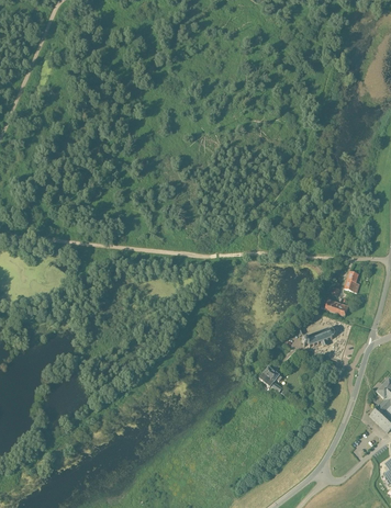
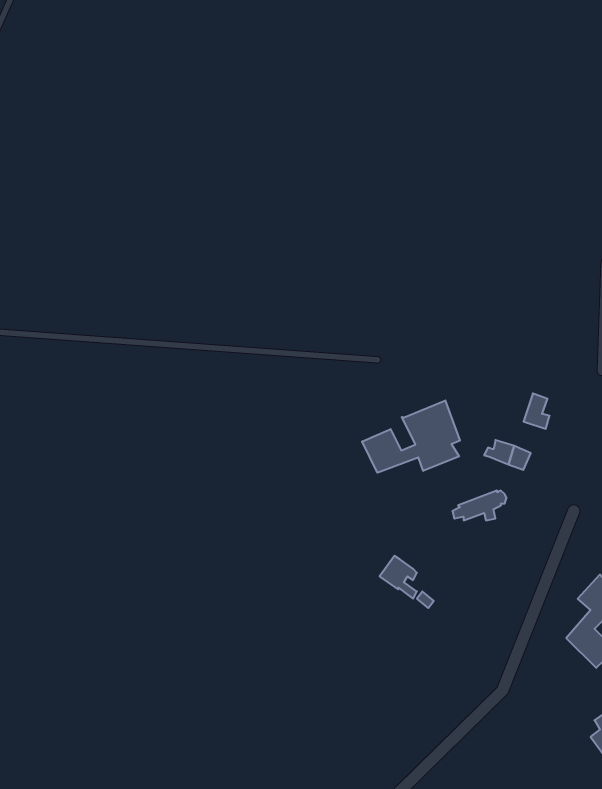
building: none -> [362,400,460,473]

